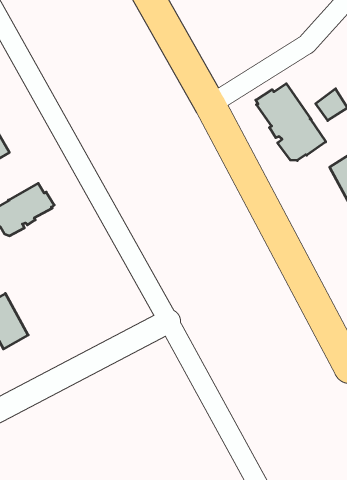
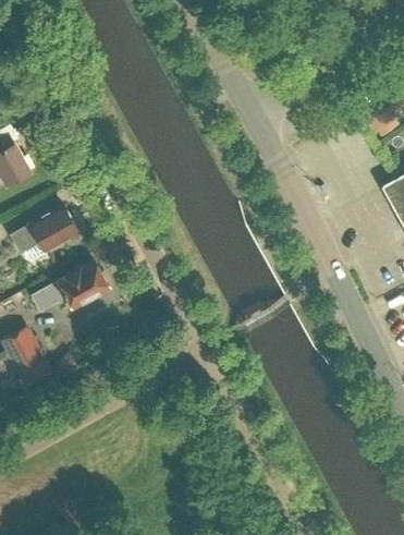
building: [256,84,326,161] -> none
building: none -> [32,262,110,311]

